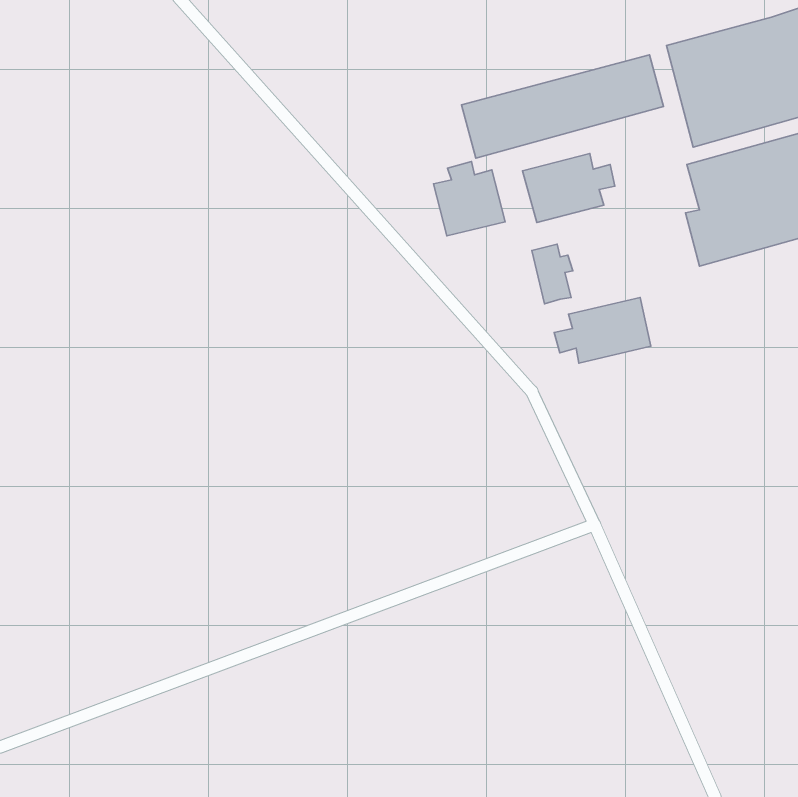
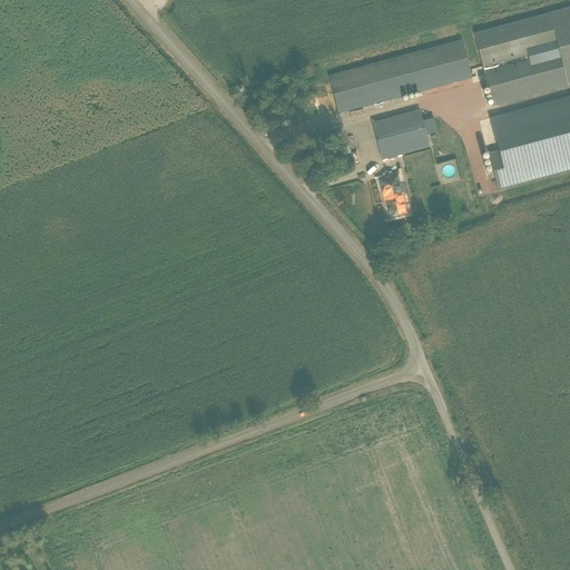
building: [434,161,505,236] -> none
building: [554,297,651,363] -> none

